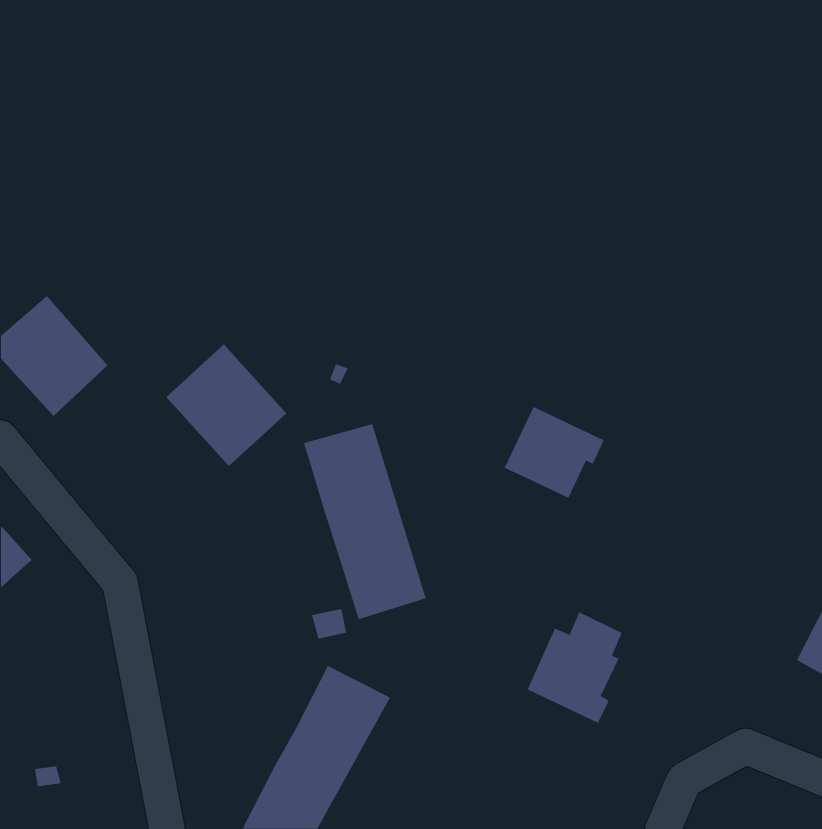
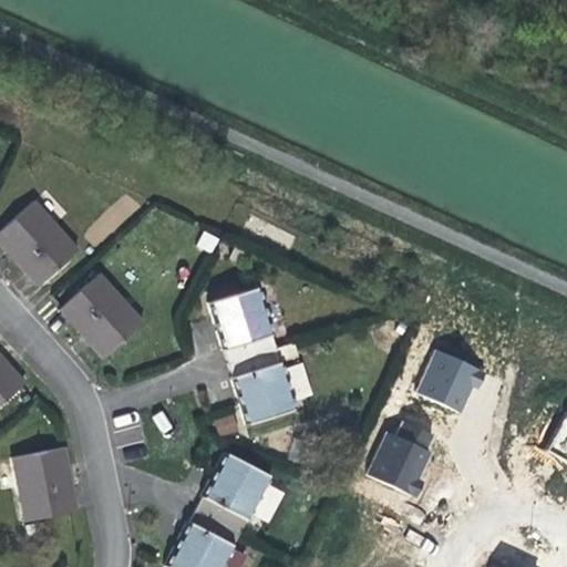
building: [166,344,287,467] -> [62,274,145,358]
building: [504,406,604,499] -> [413,347,482,410]
building: none -> [14,447,79,522]

